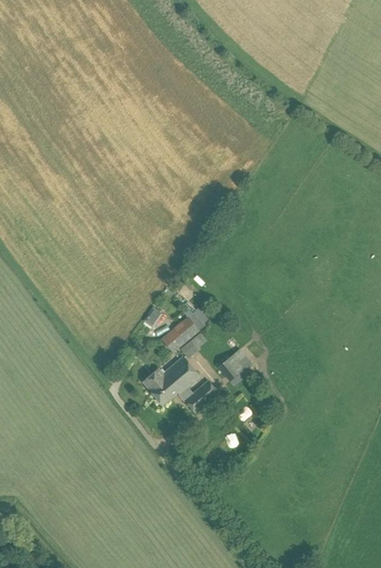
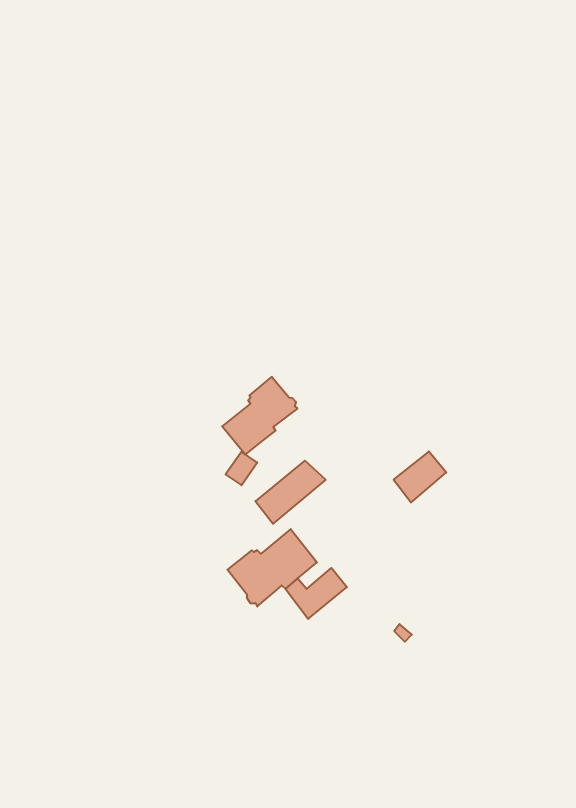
building: none -> [222,377,297,454]
building: [219,348,252,380] -> [394,451,446,502]

